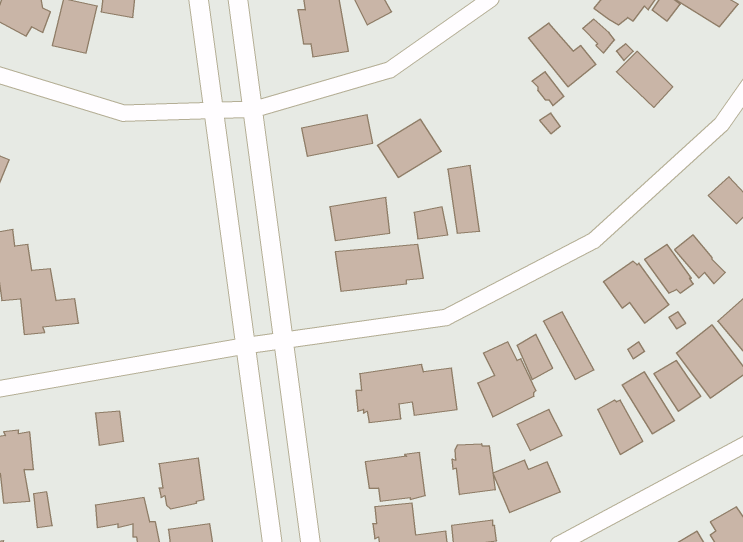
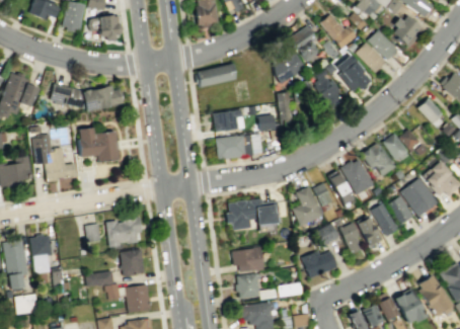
building: none -> [98,14,123,42]
building: none -> [393,15,425,47]
building: none -> [291,25,319,62]
building: none -> [356,42,387,73]
building: none -> [338,55,371,91]
building: [377,119,441,177] -> [272,52,306,83]
building: none -> [317,76,346,109]
building: none -> [51,83,124,110]
building: none -> [78,127,120,162]
building: none -> [340,159,374,194]
building: none -> [106,217,143,247]
building: none -> [339,223,361,254]
building: [452,444,495,495] -> none

